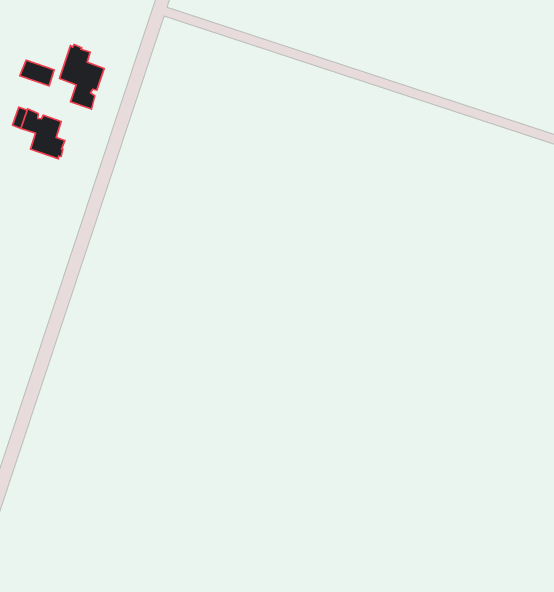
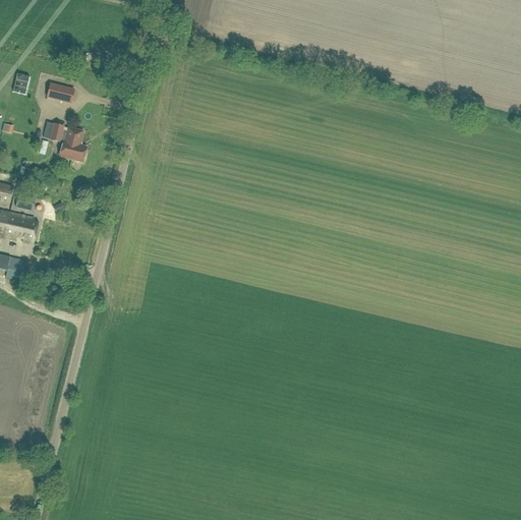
building: [59,45,104,109] -> none

